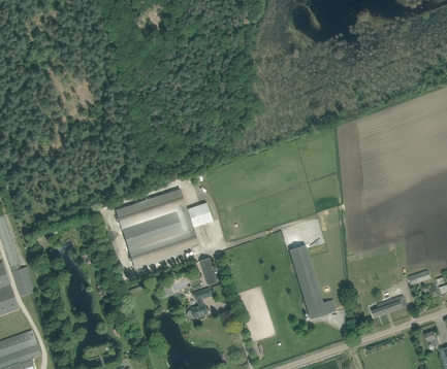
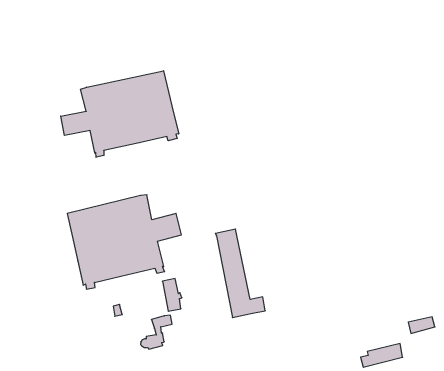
building: none -> [61,71,179,157]
building: [288,244,336,318] -> [215,229,265,318]

